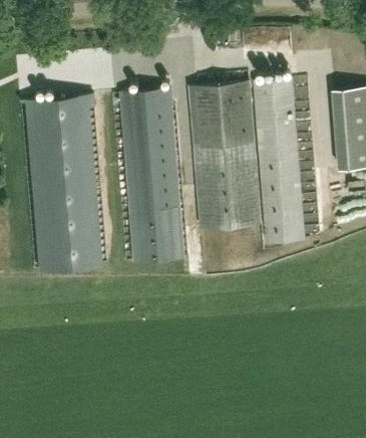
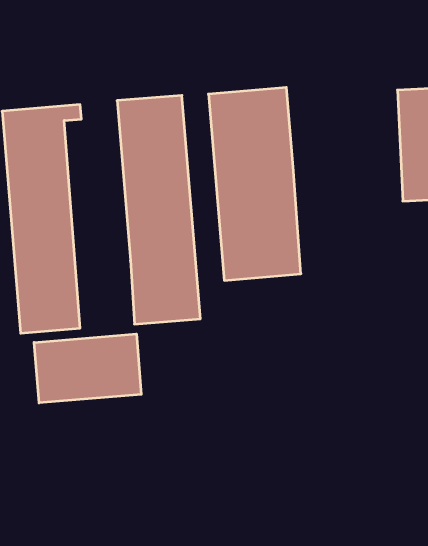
building: [254,79,302,244] -> none
building: none -> [34,334,141,403]

